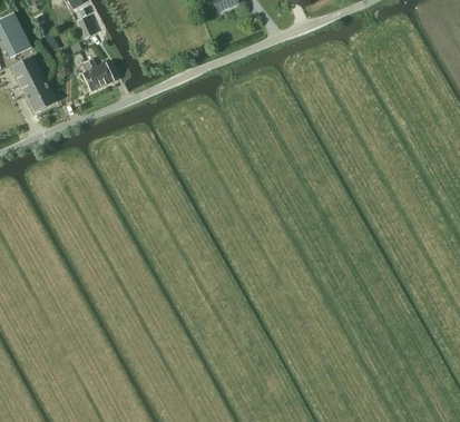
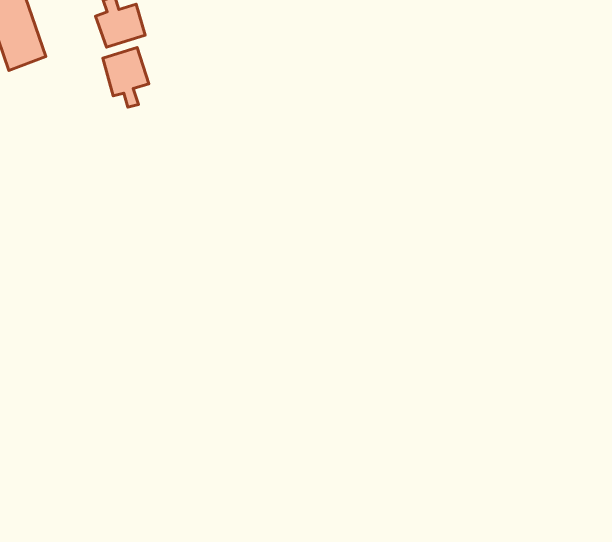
building: none -> [103,48,149,107]

